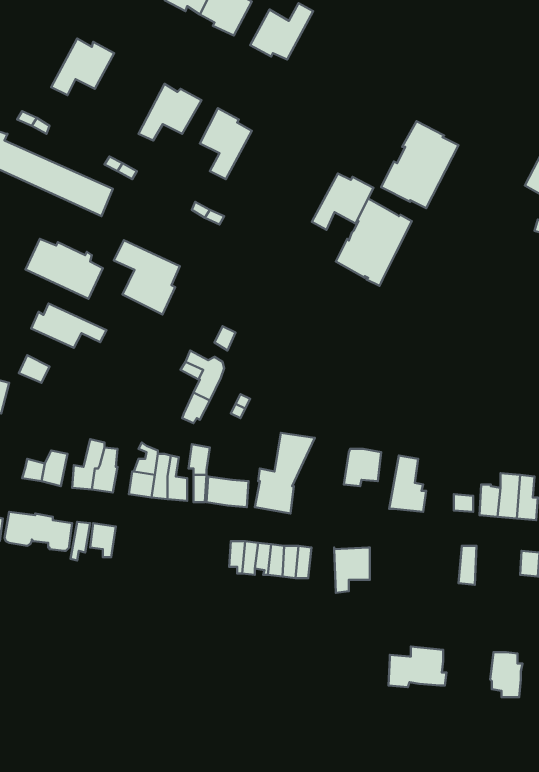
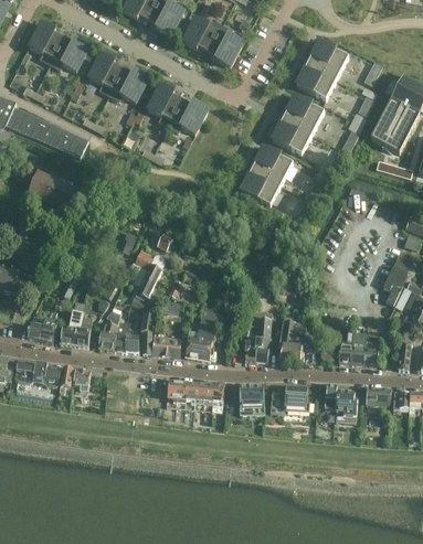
building: none -> [208,18,243,66]
building: none -> [29,22,64,70]
building: none -> [296,39,349,97]
building: none -> [88,53,124,102]
building: [312,173,373,230] -> [166,99,208,138]
building: [114,240,180,315] -> none
building: [31,303,107,348] -> none
building: none -> [245,338,269,362]
building: [388,647,447,687] -> [271,385,310,413]
building: [490,652,522,697] -> [336,391,358,422]

